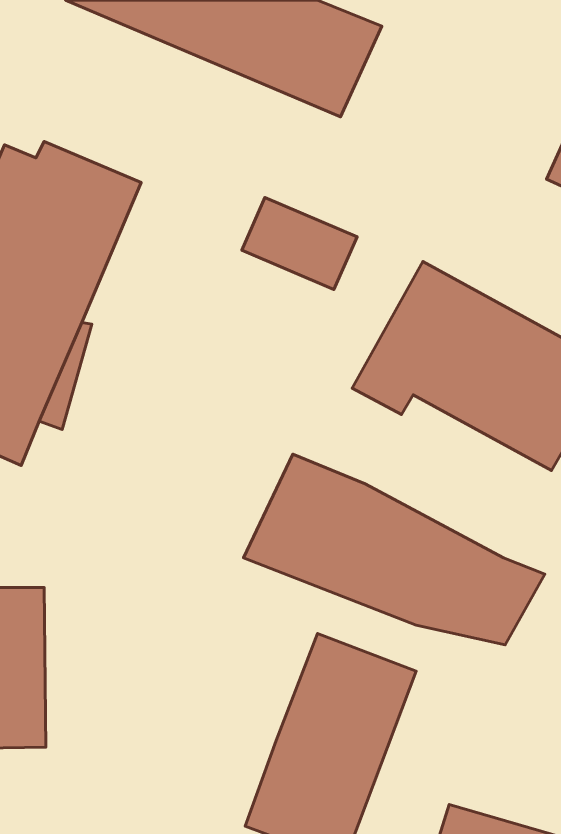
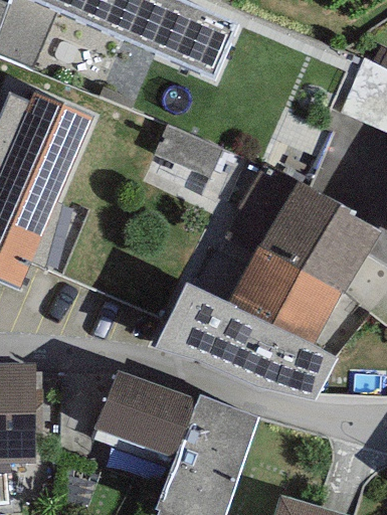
building: none -> [228,245,342,345]
building: none -> [95,369,196,457]

